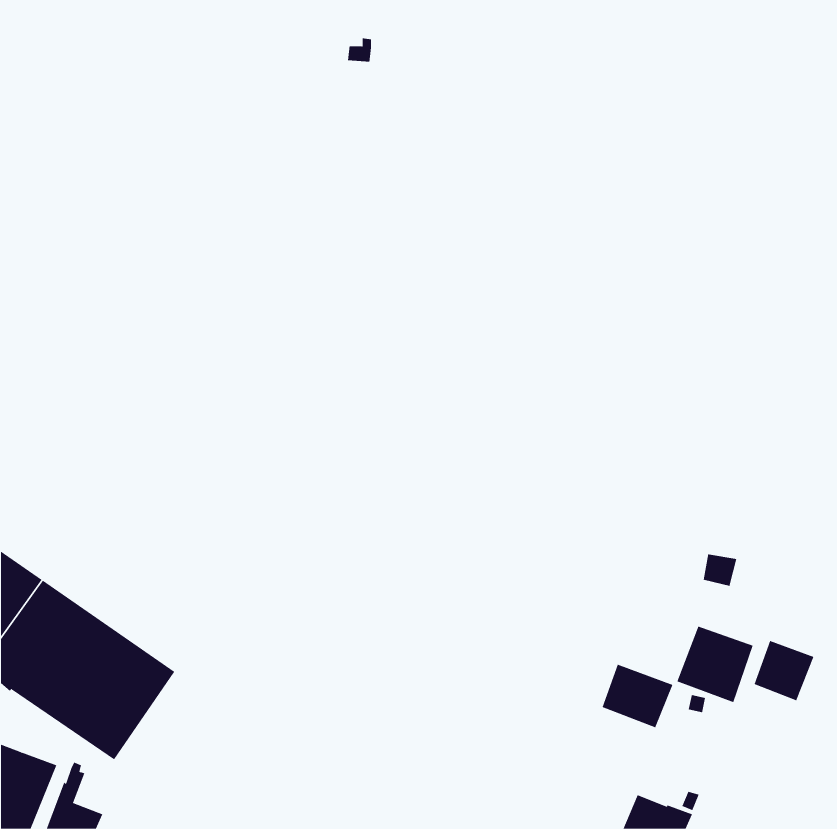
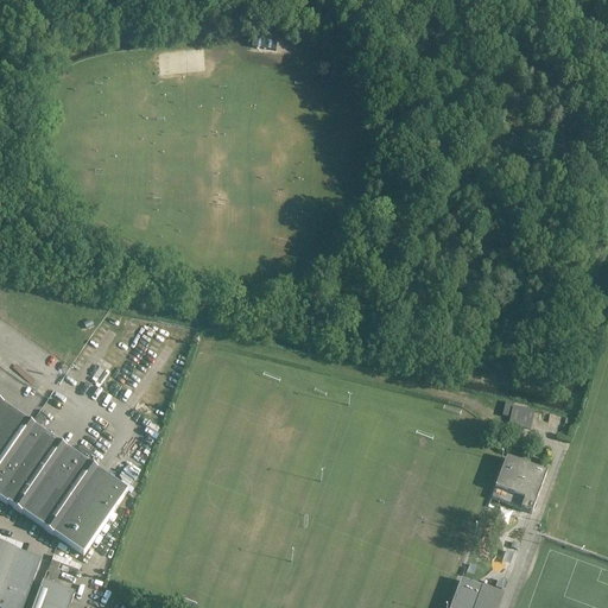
building: [754,640,814,701] -> none
building: [602,664,673,728] -> none

